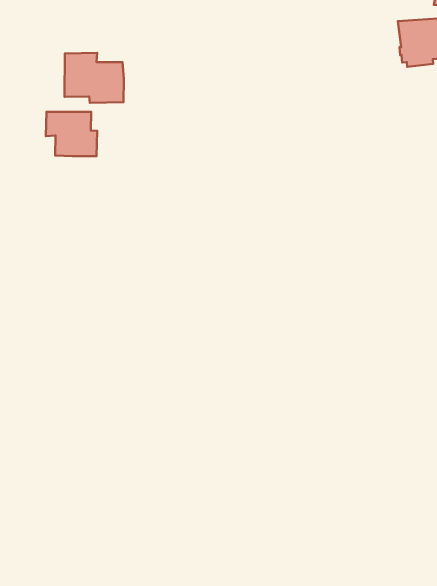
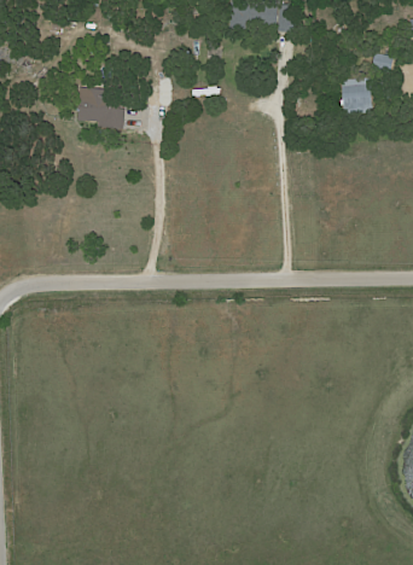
building: [46,112,97,156] -> none

